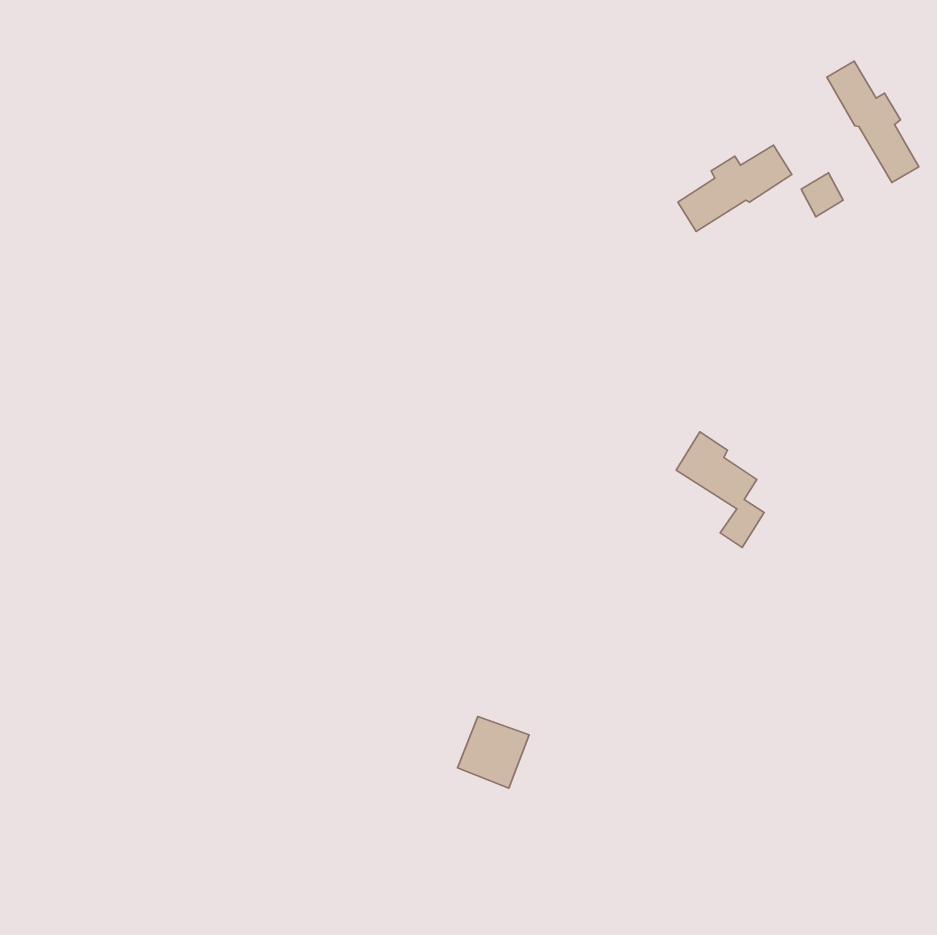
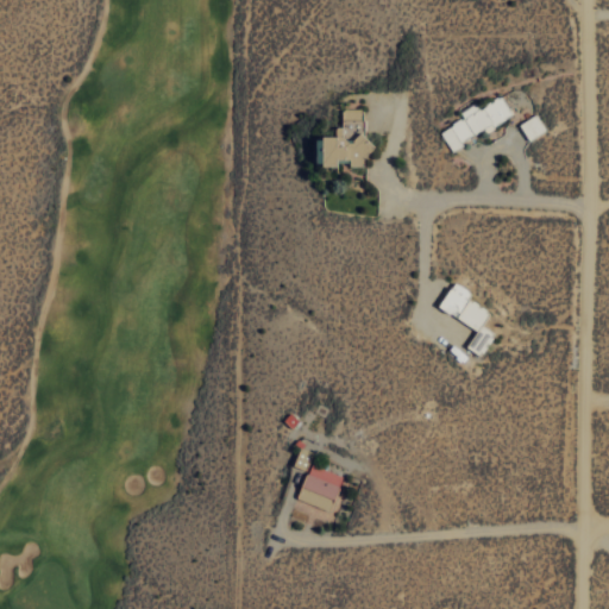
building: [827,61,919,183] -> none
building: none -> [324,109,365,167]

